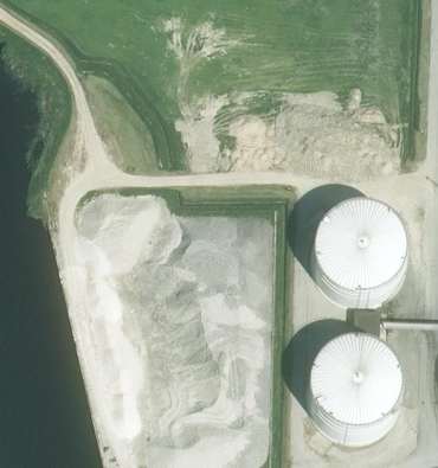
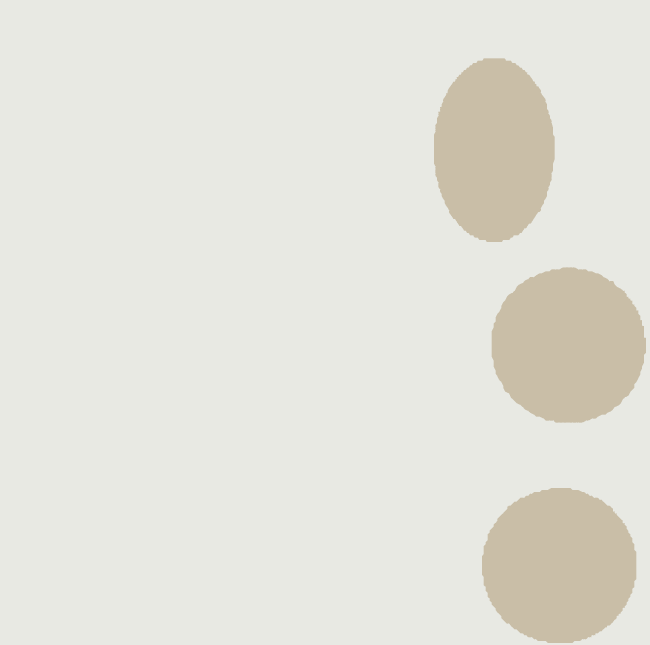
building: none -> [433,58,555,243]

